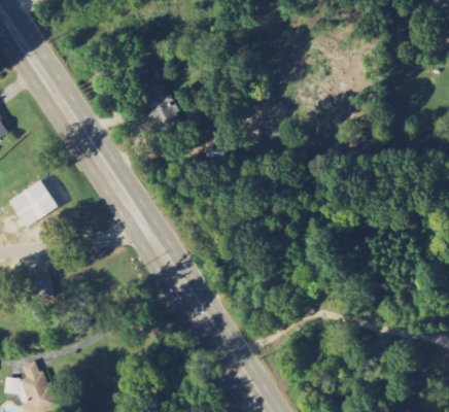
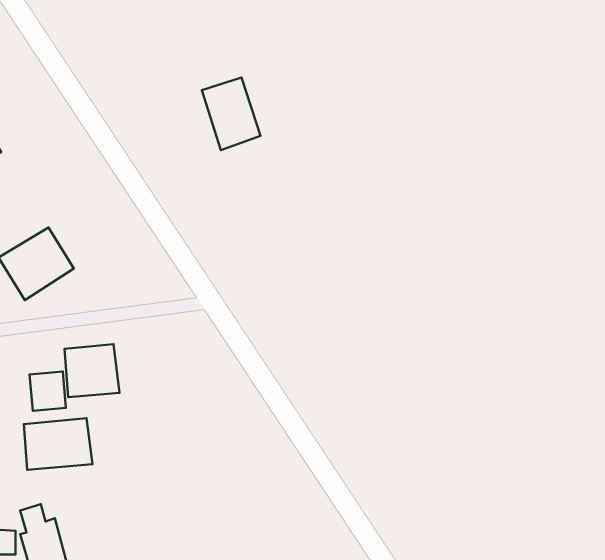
building: none -> [65,344,119,397]
building: none -> [24,418,92,470]

